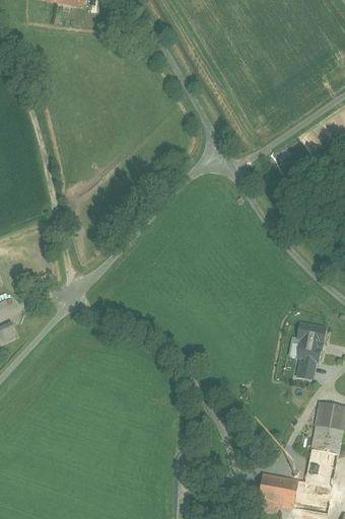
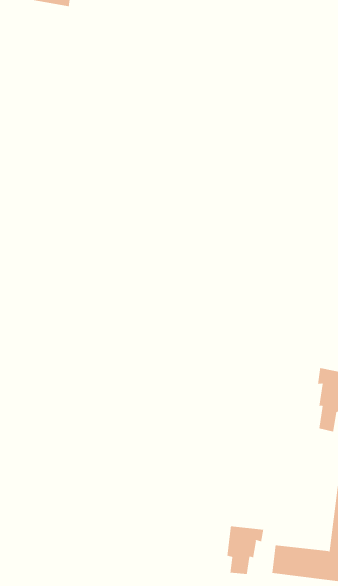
building: none -> [227,525,264,575]

